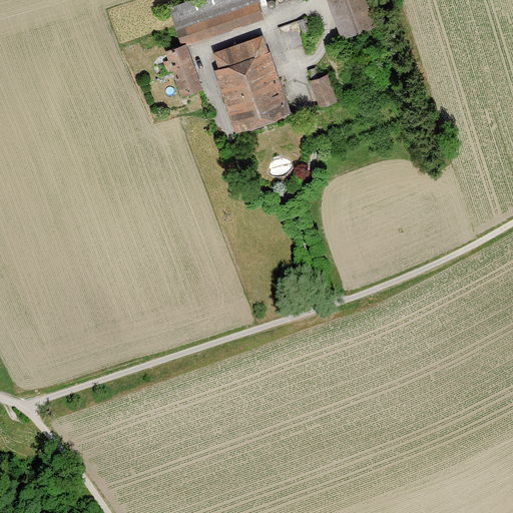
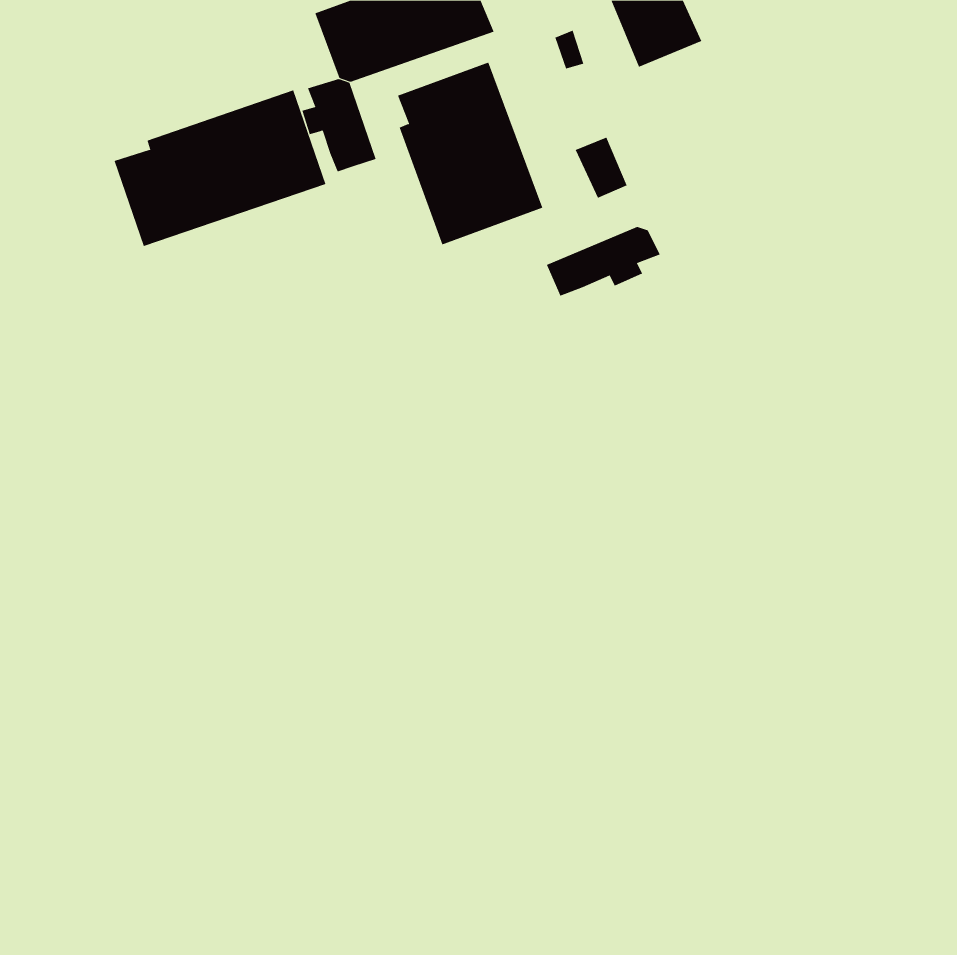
building: none -> [114,90,326,247]
building: none -> [546,226,661,296]

